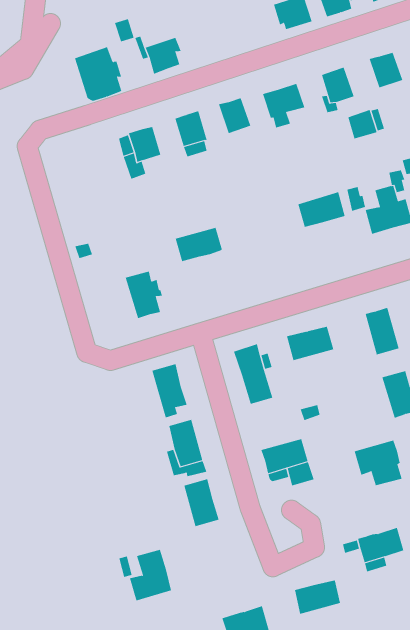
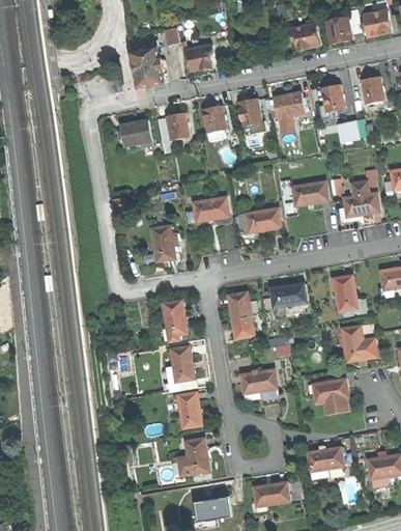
building: none -> [119,120,153,149]
building: none -> [244,208,280,232]
building: [129,549,172,601] -> [176,438,208,476]

